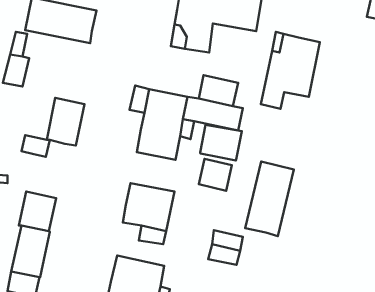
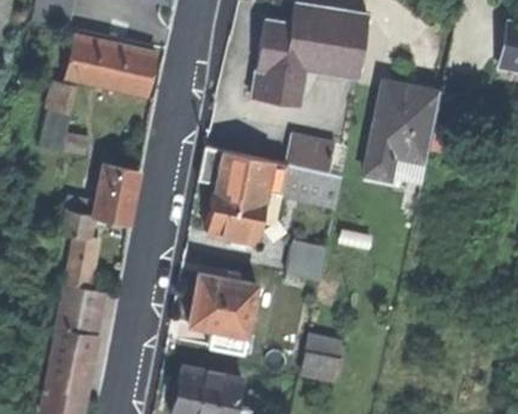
building: [200,125,242,161] -> none
building: none -> [65,236,98,289]
building: [245,161,294,236] -> none

